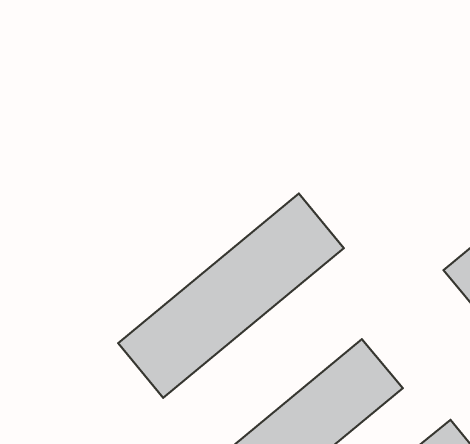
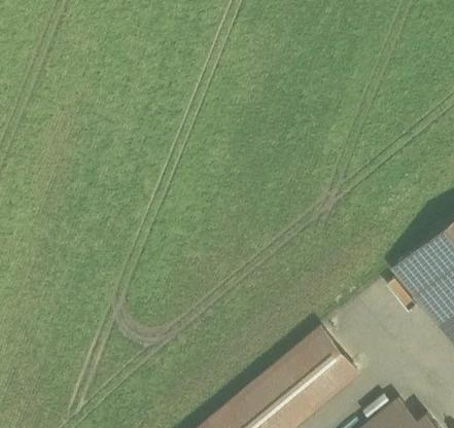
building: [118,193,344,398] -> none

